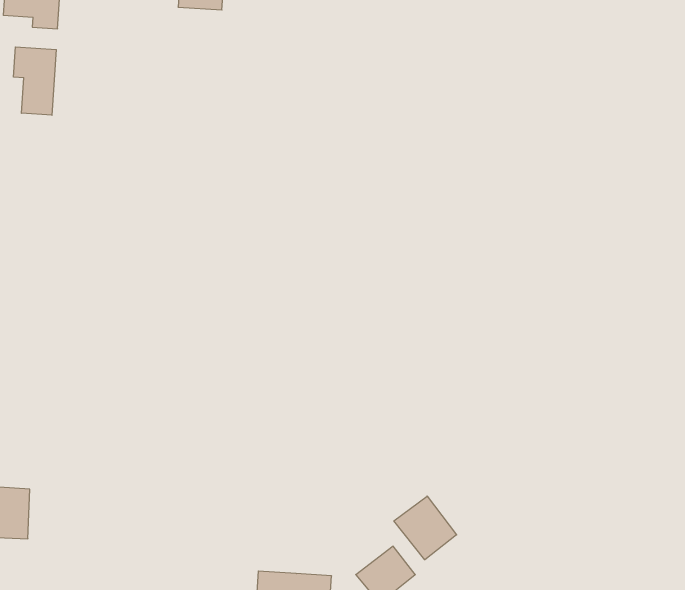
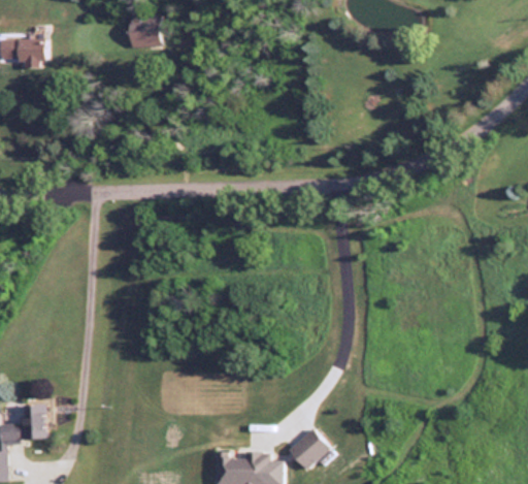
building: [14,47,56,115] -> none
building: [394,496,457,560] -> none

